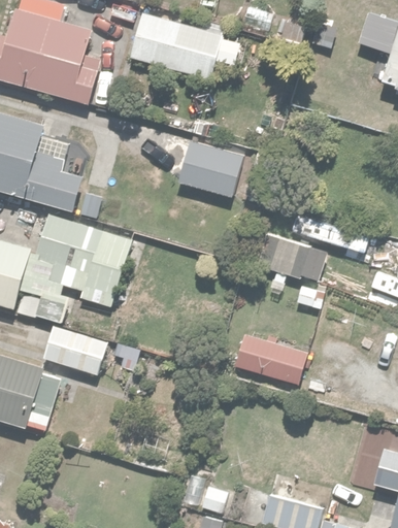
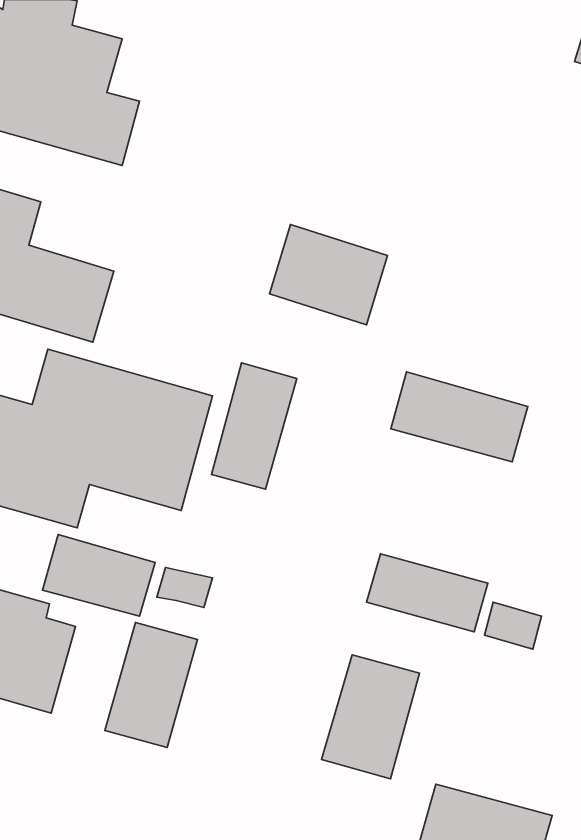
building: [130,13,223,82] -> none
building: none -> [212,363,297,489]
building: none -> [105,622,198,747]
building: none -> [321,655,420,779]

